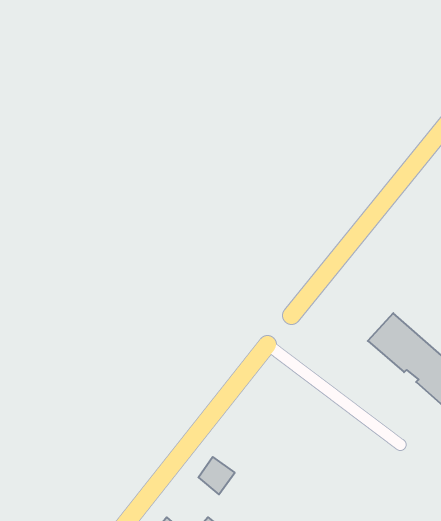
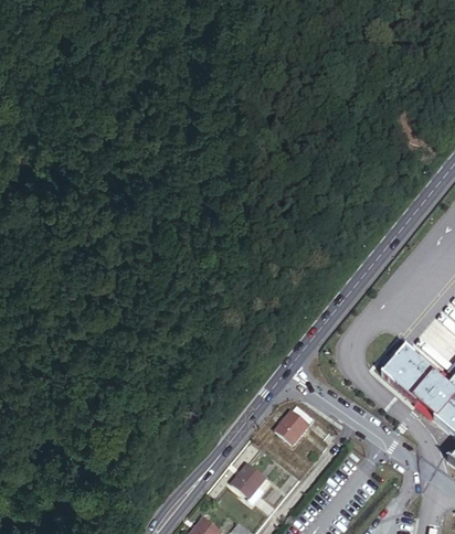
building: none -> [268,412,308,450]

